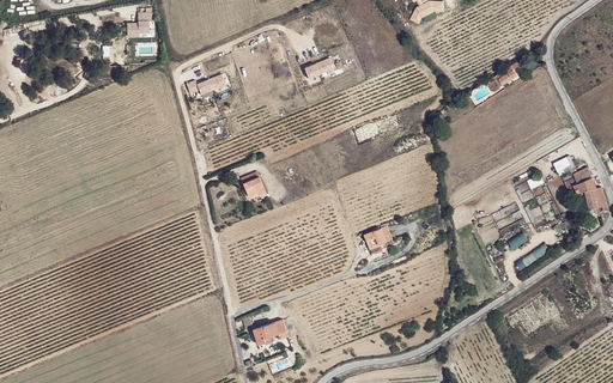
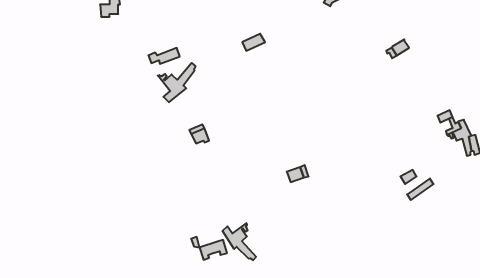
building: none -> [158,63,195,102]
building: none -> [223,223,256,260]

